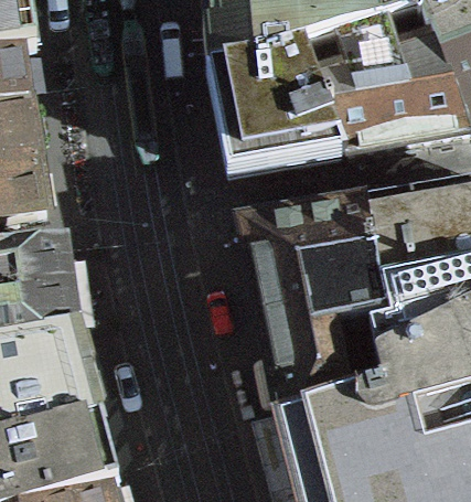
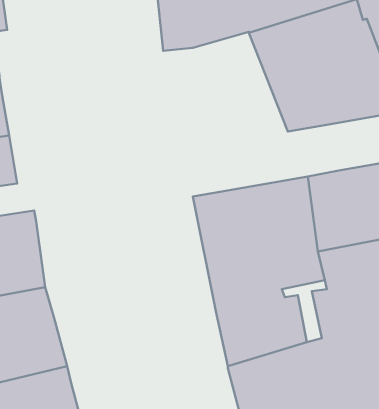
building: [207,43,345,175] -> none

